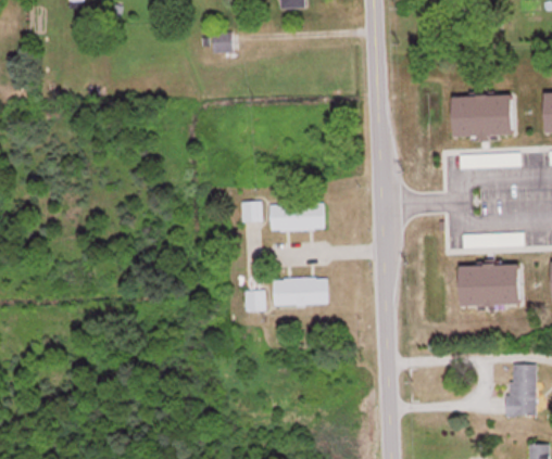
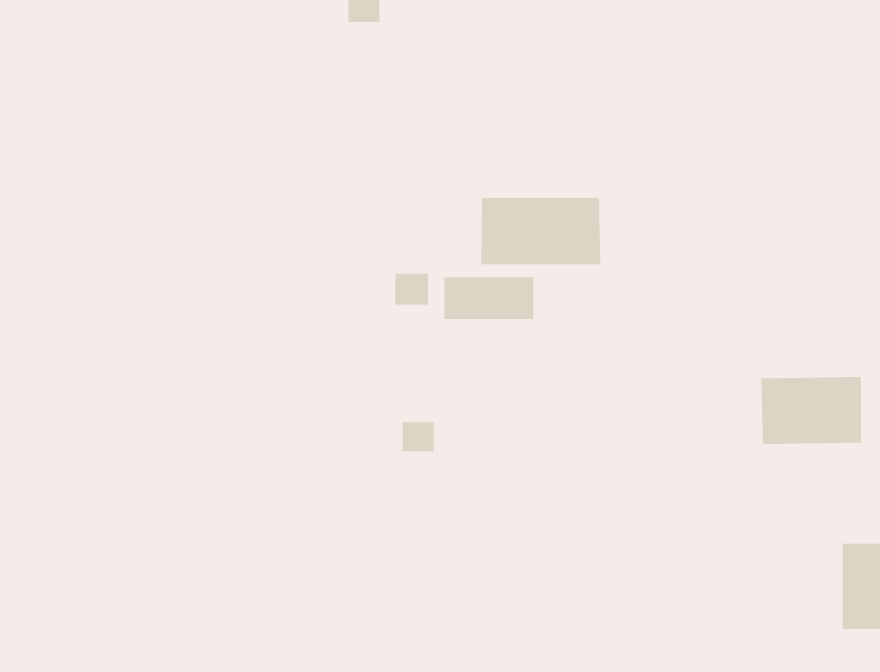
building: [453,95,513,136] -> none
building: none -> [480,197,601,265]
building: [274,278,327,304] -> none

